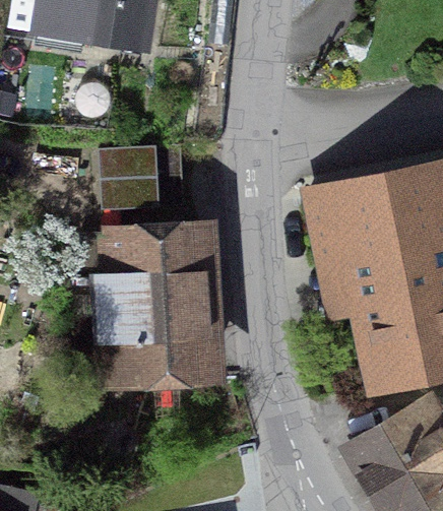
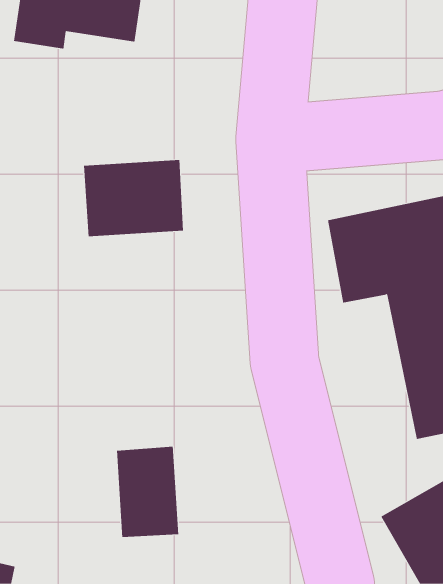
building: [94,238,207,388] -> none
building: none -> [117,446,179,538]

